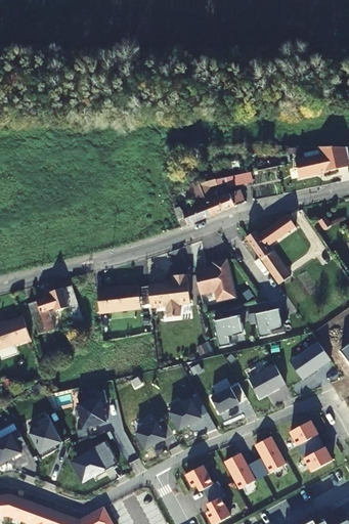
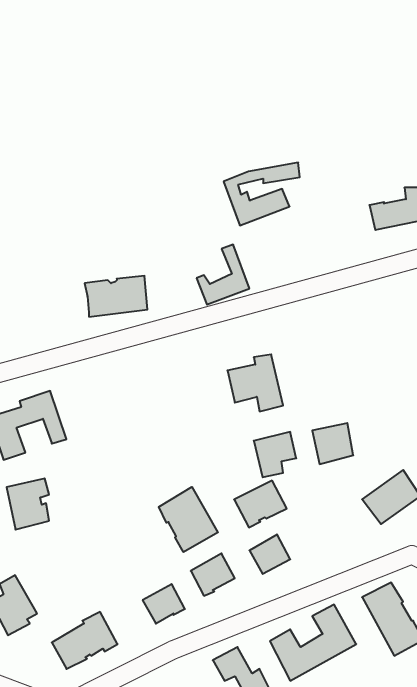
building: [199,170,252,214] -> [224,163,300,225]
building: [246,215,295,283] -> none
building: [147,273,189,316] -> none
building: [96,286,140,314] -> [85,276,147,317]
building: none -> [159,487,218,552]
building: [248,364,285,397] -> [234,481,287,527]
building: [77,390,106,426] -> [7,478,49,530]

